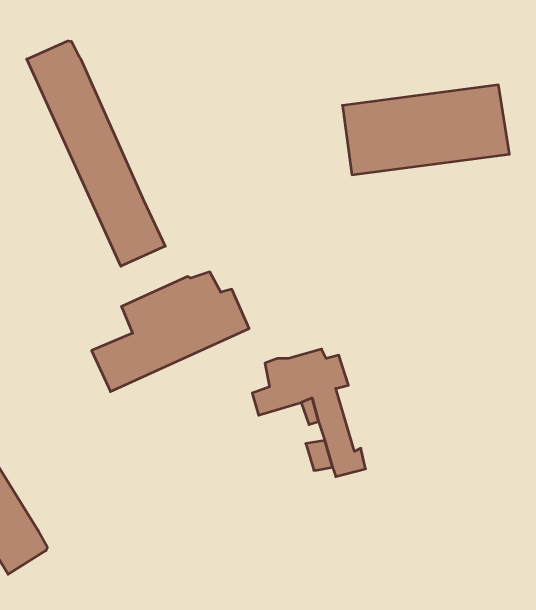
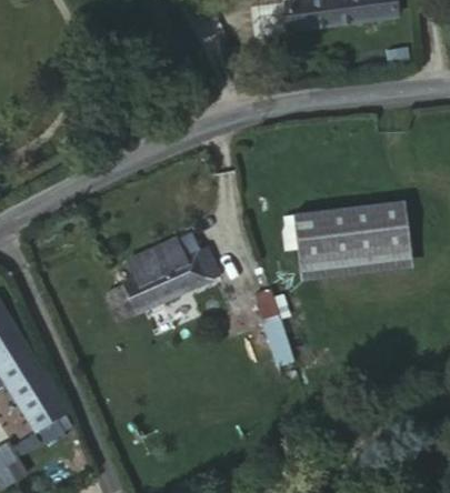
building: [27,41,165,266] -> none
building: [342,85,509,175] -> [294,201,412,264]

